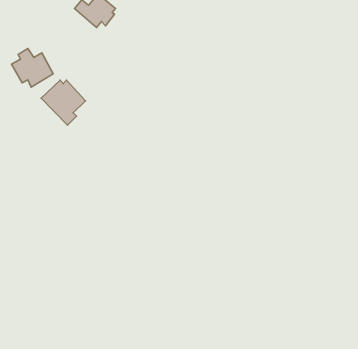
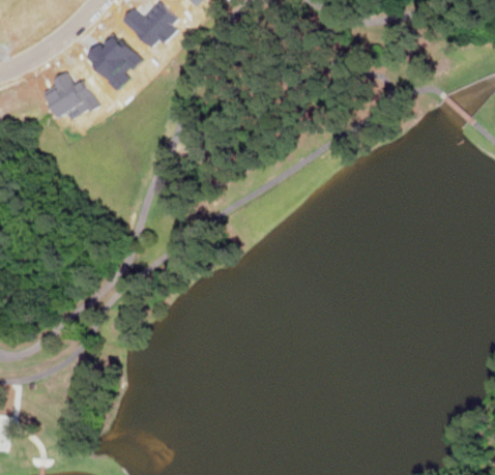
building: [41,80,85,125] -> [85,34,141,91]

